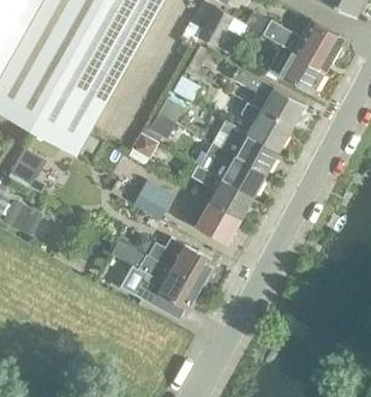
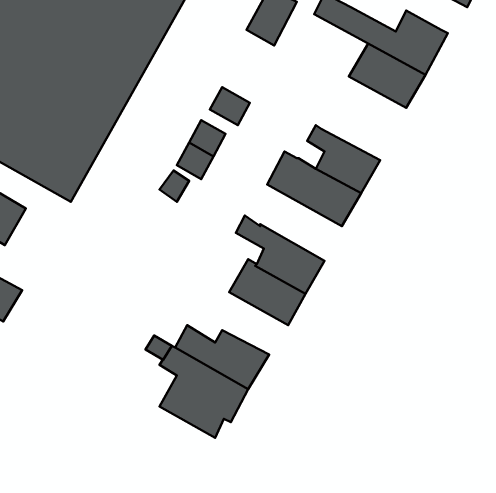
building: [231,70,300,126] -> none
building: [205,143,263,196] -> none
building: [132,180,173,219] -> none

